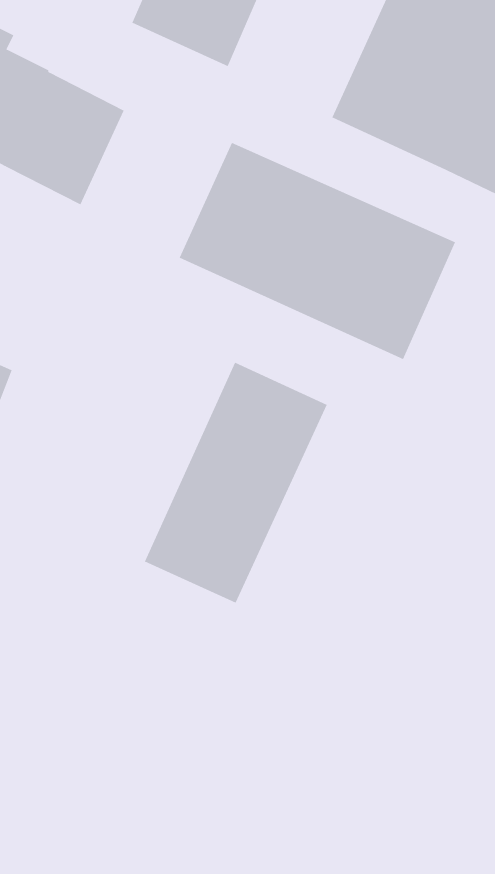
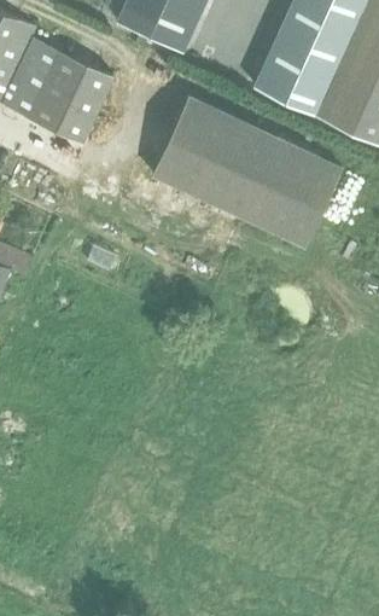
building: [144,362,327,603] -> none

